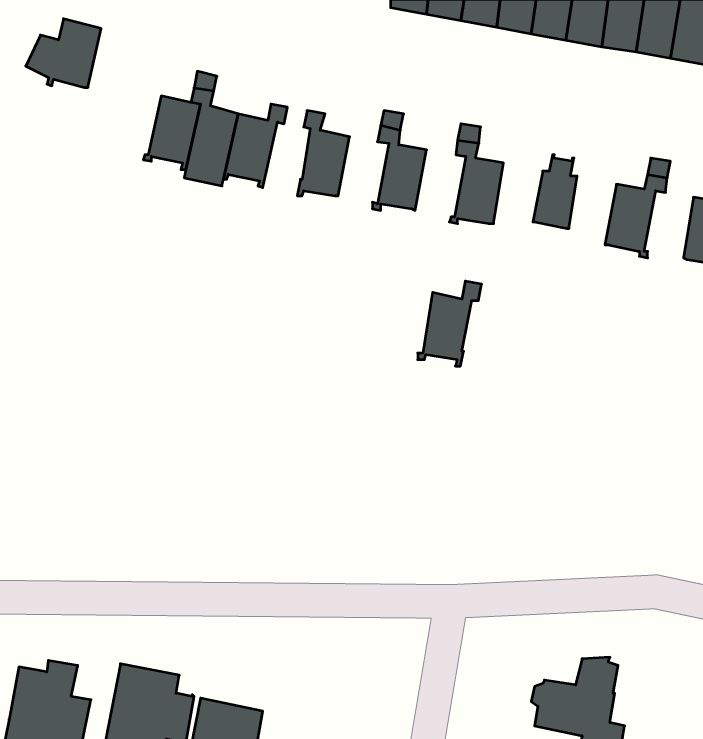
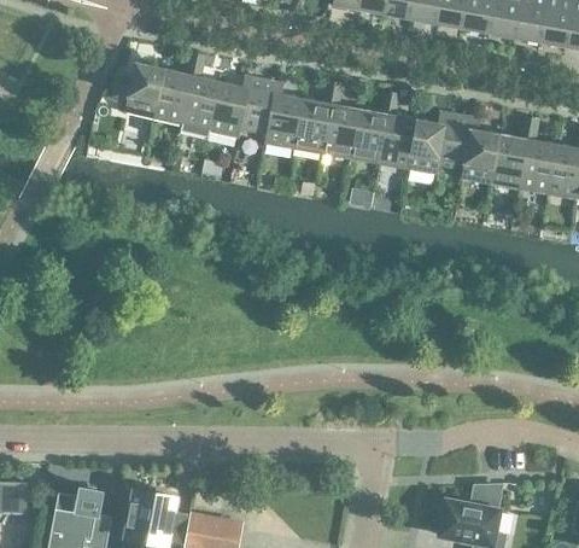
building: [26,19,101,87] -> [109,64,164,115]
building: none -> [241,80,274,133]
building: none -> [291,101,332,151]
building: none -> [347,111,388,161]
building: none -> [461,117,499,186]
building: none -> [520,141,556,196]
building: [418,281,482,366] -> [405,112,452,175]

